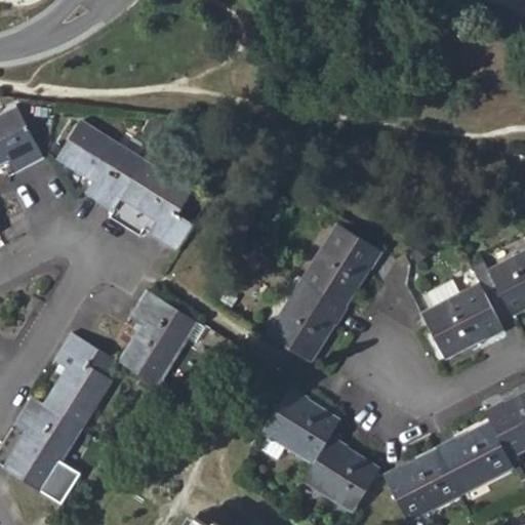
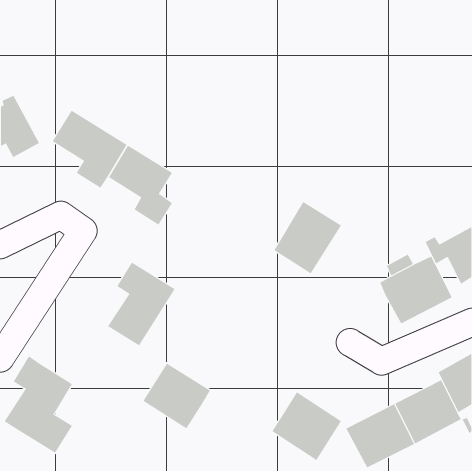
building: [268,278,346,362] -> none
building: [45,333,116,427] -> none
building: [262,389,338,462] -> [142,363,211,429]

